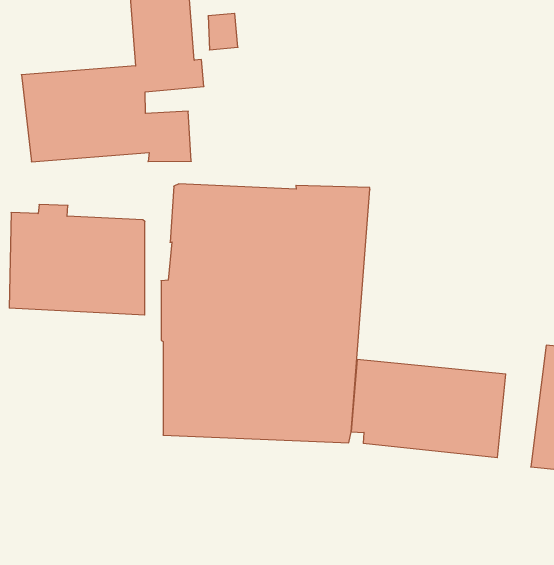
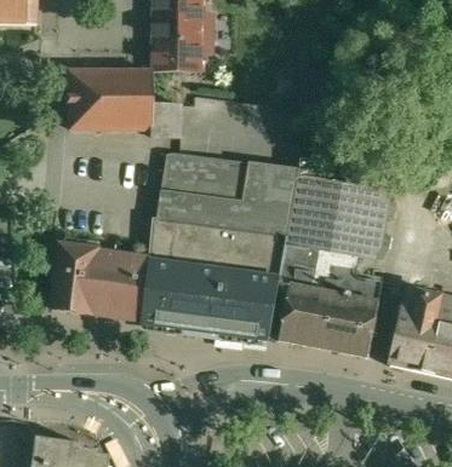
building: none -> [279,166,384,300]
building: [9,205,145,315] -> [52,238,149,319]

